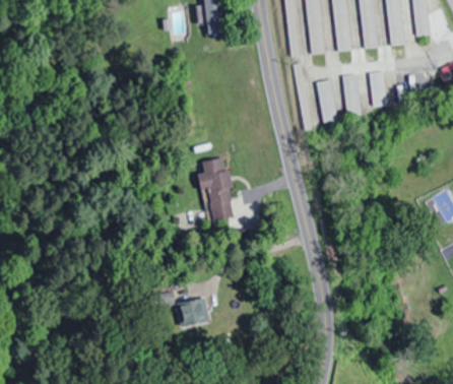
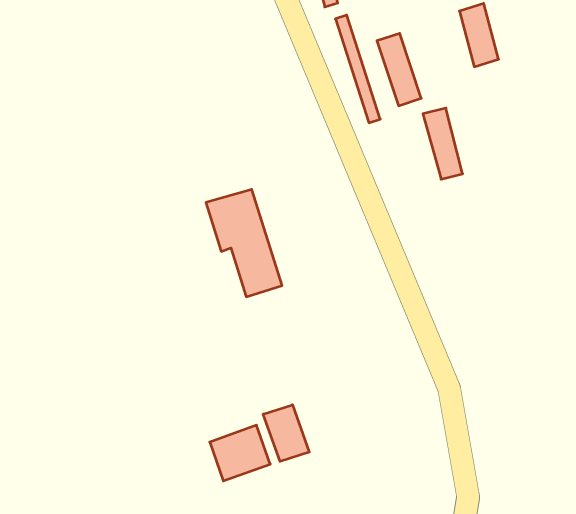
building: [343,74,361,116] -> [423,108,463,179]
building: none -> [263,405,309,461]

